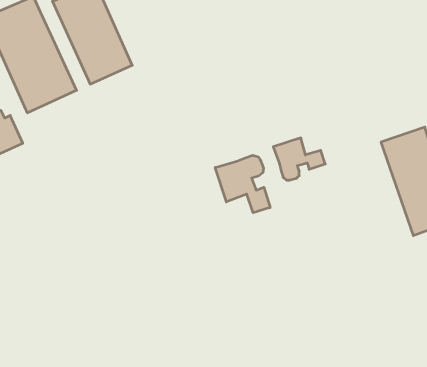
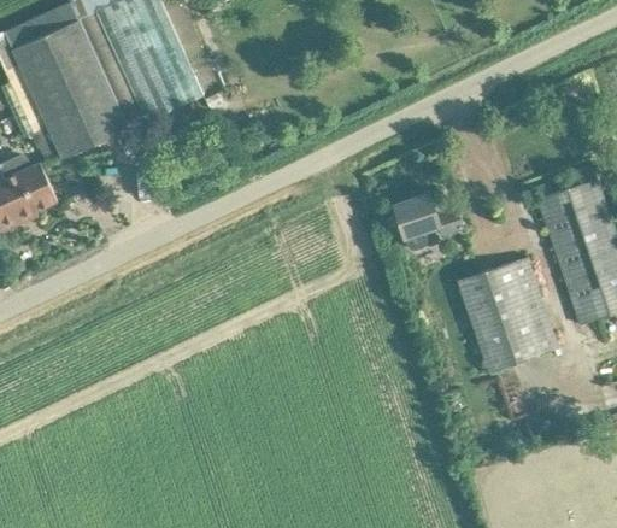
building: [215,155,270,213] -> none
building: none -> [458,257,558,371]

